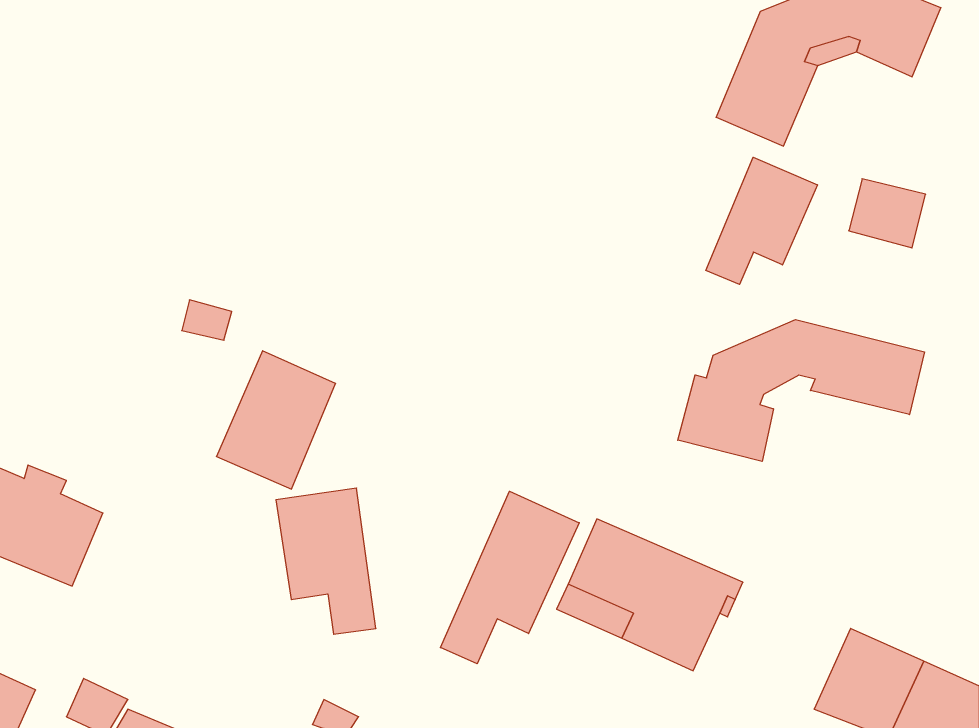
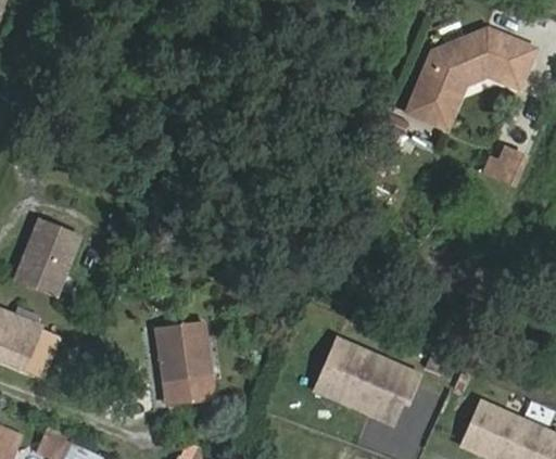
building: [706,157,817,284] -> none
building: [678,320,924,461] -> none
building: [216,351,336,489] -> [14,220,81,298]
building: [440,491,579,664] -> none

